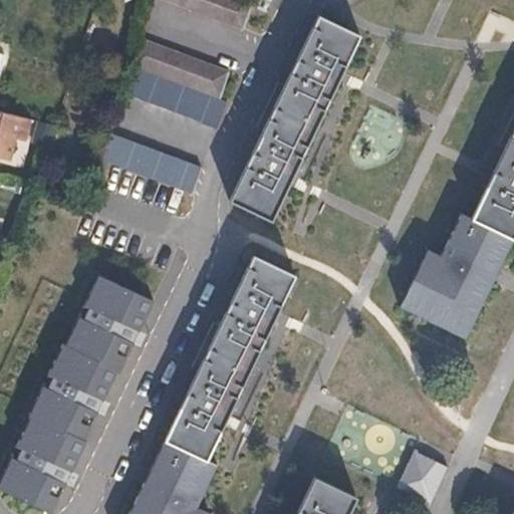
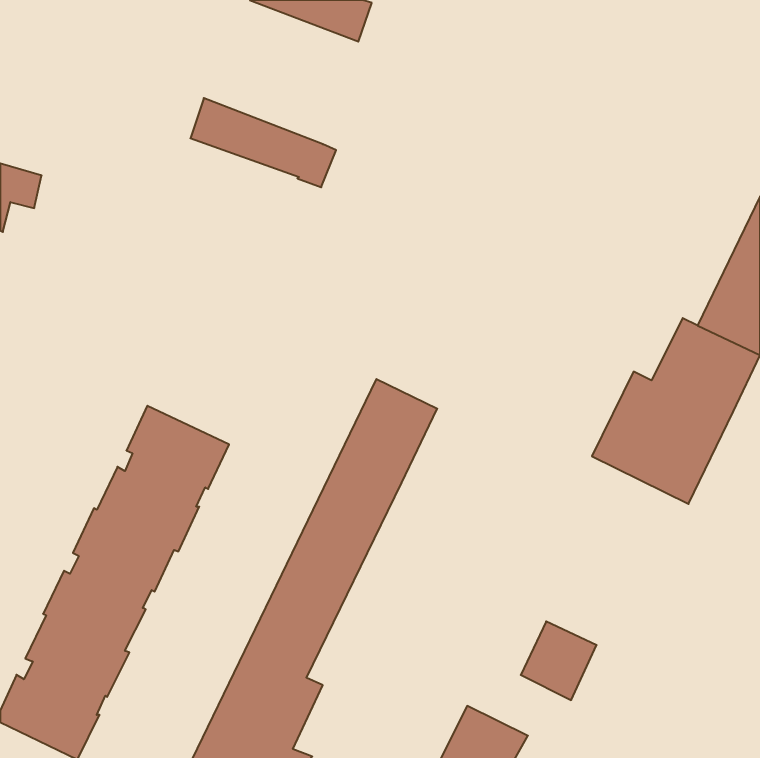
building: [231,18,359,221] -> none
building: [128,35,228,98] -> none
building: [100,131,202,192] -> none
building: [397,453,448,506] -> [521,621,597,700]

